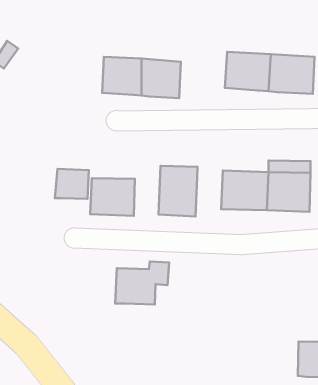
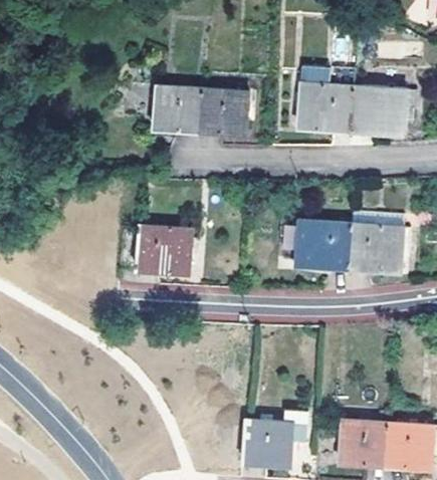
building: [158,166,197,217] -> none
building: [55,169,89,199] -> none
building: [115,262,169,304] -> [244,416,308,467]
building: none -> [340,425,387,467]

